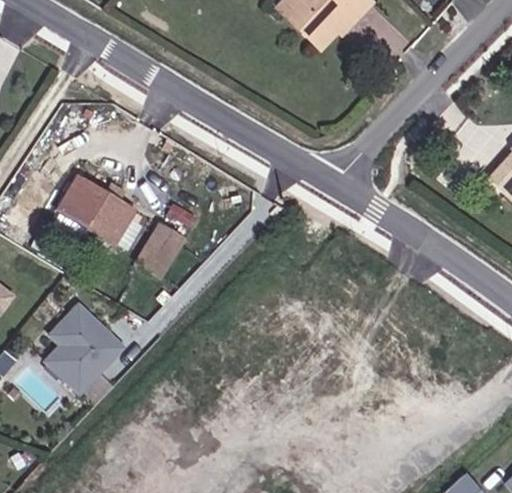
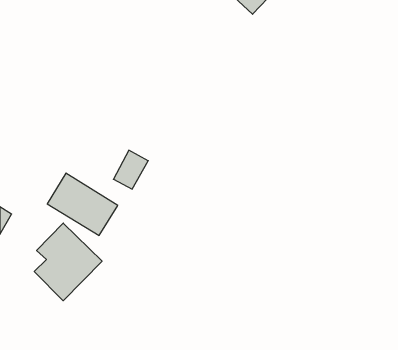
building: [49,161,136,238] -> [47,173,118,235]

